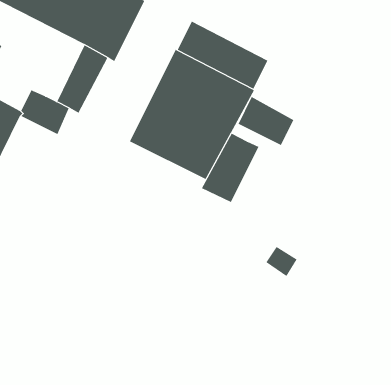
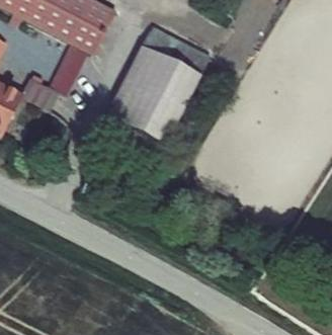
building: [238,96,294,146] -> none
building: [201,133,259,203] -> none

